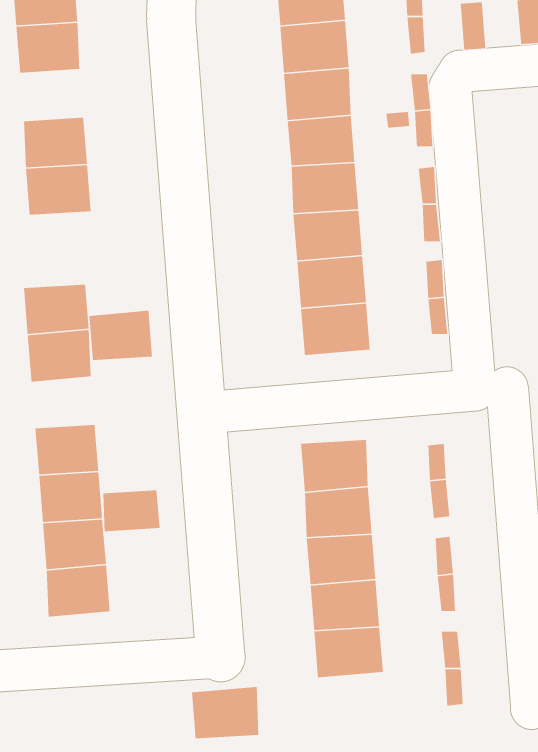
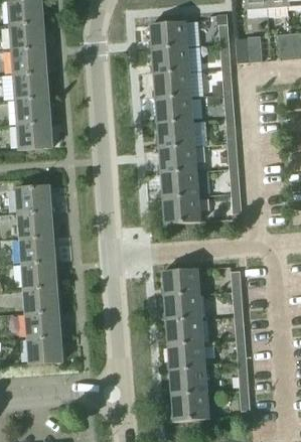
building: none -> [14,72,48,100]
building: [88,310,153,361] -> [20,236,54,263]
building: [102,490,160,532] -> none
building: [191,686,259,739] -> [172,393,208,421]

